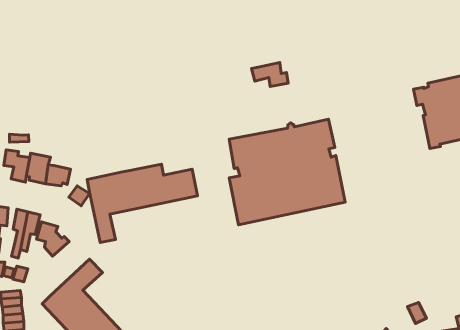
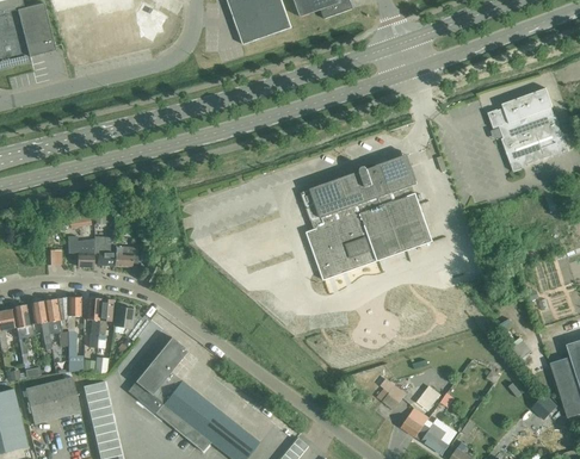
building: [252,62,288,86] -> none
building: [87,164,197,242] -> none

